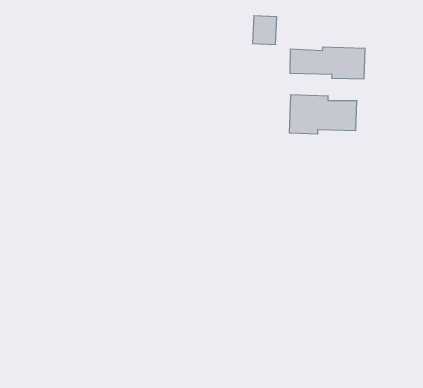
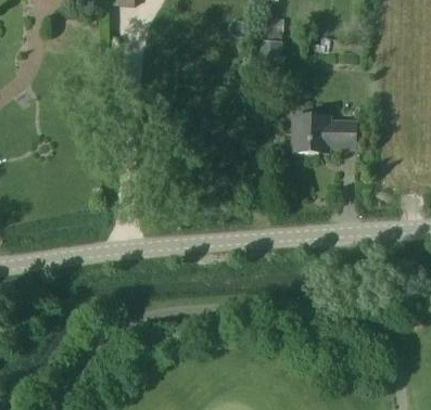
building: [290,47,365,79] -> none

